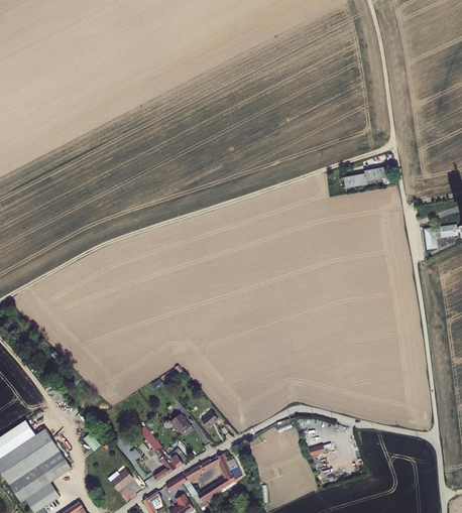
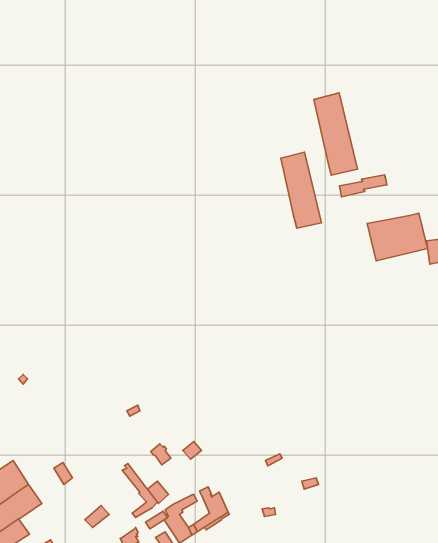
building: none -> [314,93,358,175]
building: none -> [281,152,321,228]
building: none -> [367,213,428,261]

